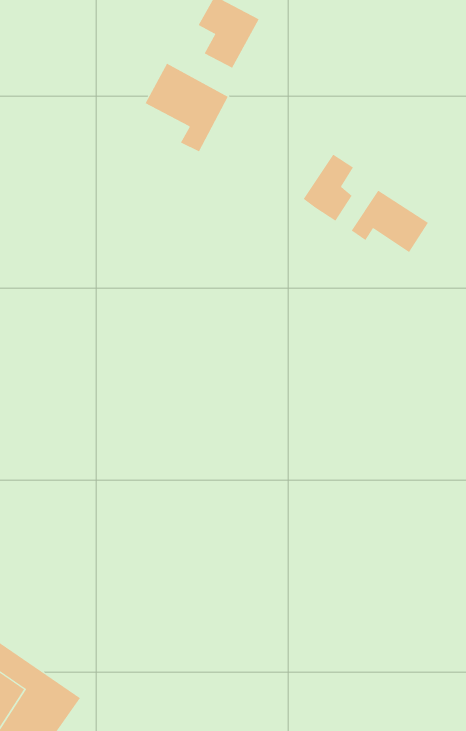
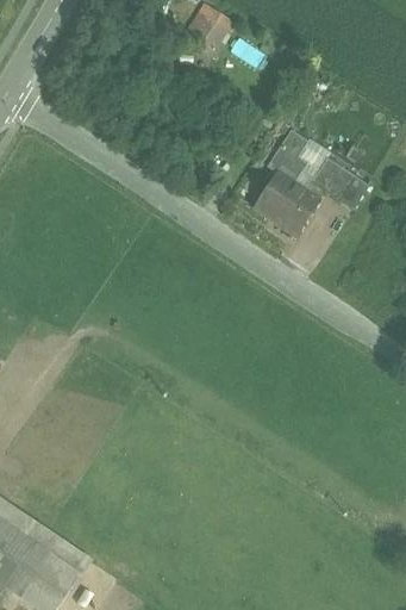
building: [145,63,229,152] -> none
building: none -> [255,172,320,235]

